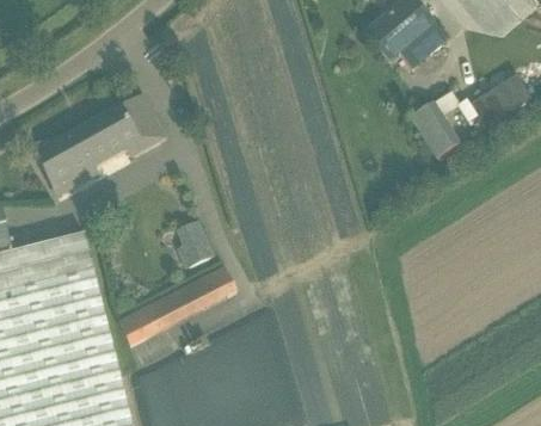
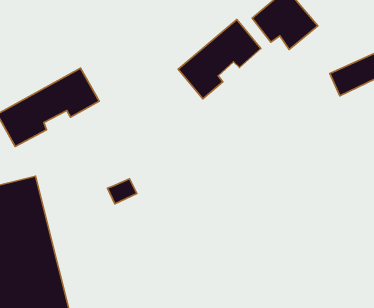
building: none -> [178,19,261,99]
building: [413,93,462,159] -> none
building: [117,264,241,345] -> none

